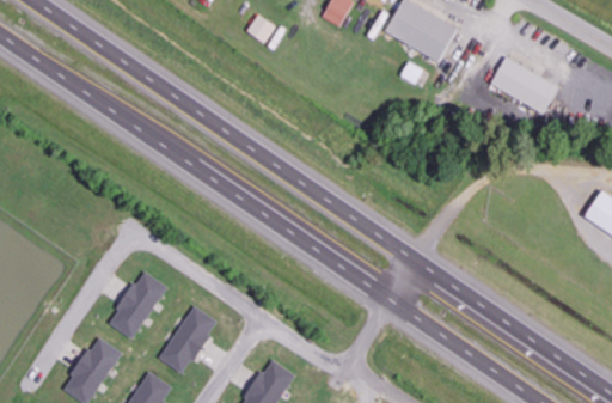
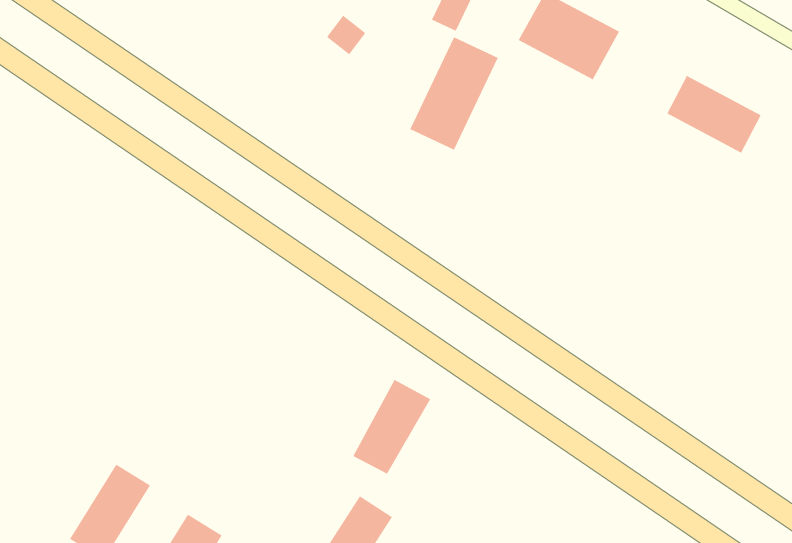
building: none -> [409,36,498,151]
building: [108,270,166,338] -> none
building: [160,306,216,374] -> [353,379,431,474]

